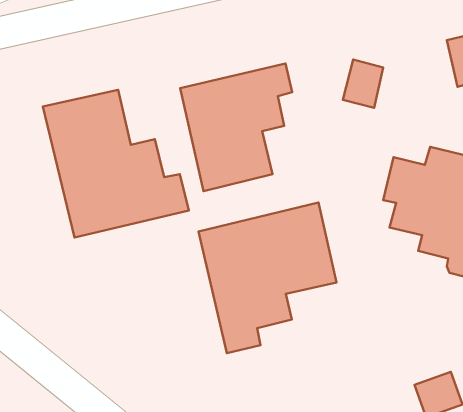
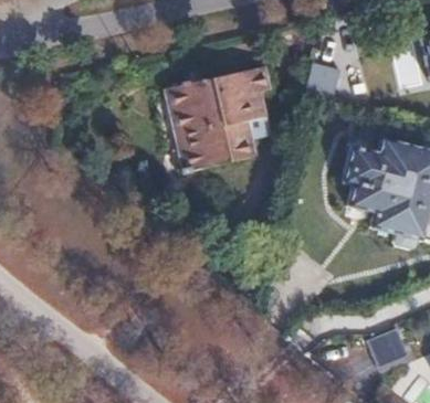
building: [43,90,189,237] -> none
building: [198,202,336,353] -> none

